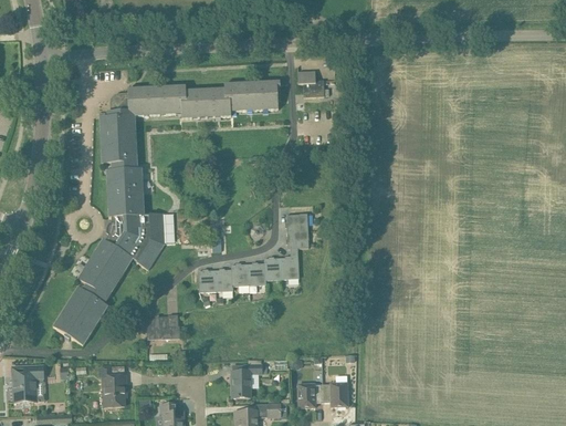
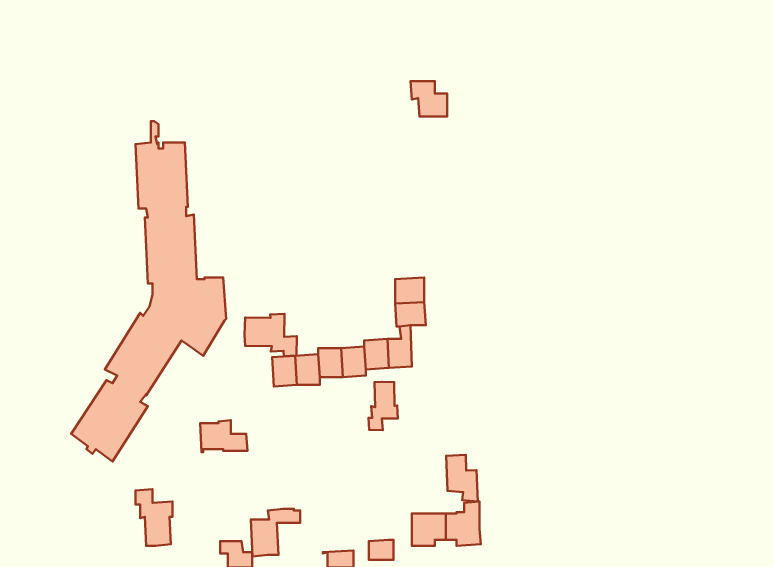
building: [113,80,281,120] -> none
building: none -> [245,314,297,356]
building: none -> [368,382,398,430]
building: none -> [446,455,478,502]
building: [231,363,266,397] -> [251,509,300,556]
building: [12,364,43,402] -> none

